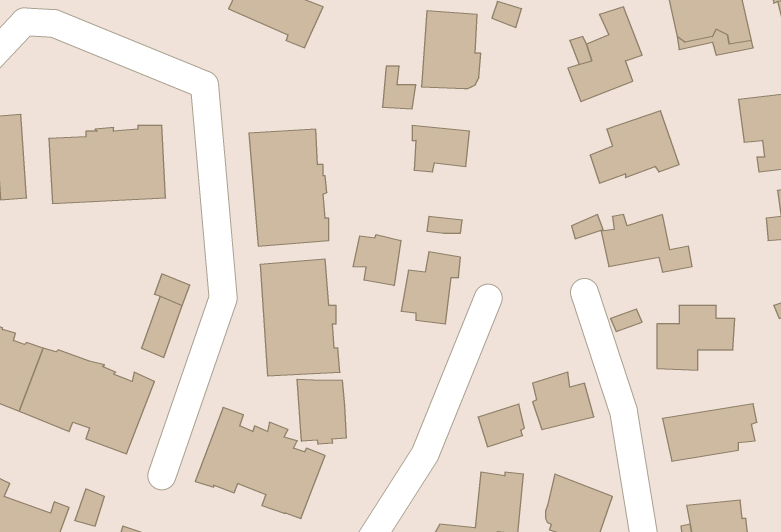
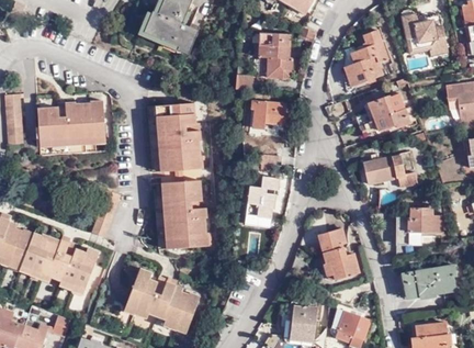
building: [353,235,401,286] -> none
building: [297,379,346,444] -> none
building: [478,404,524,447] -> [317,228,345,254]

